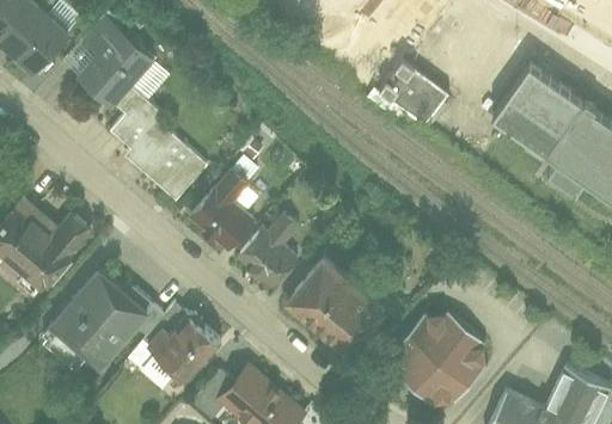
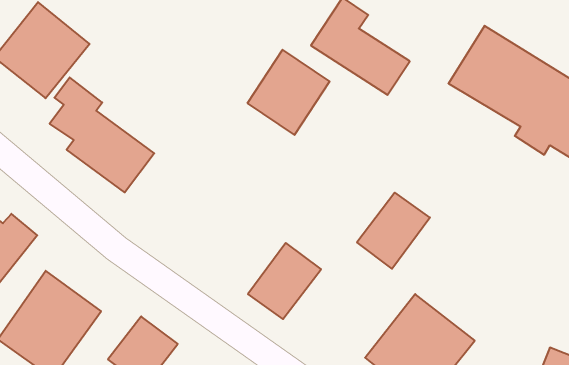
building: none -> [248,50,330,135]
building: [183,172,253,250] -> none
building: [228,213,301,290] -> none
building: [317,282,386,352] -> [357,193,430,269]

